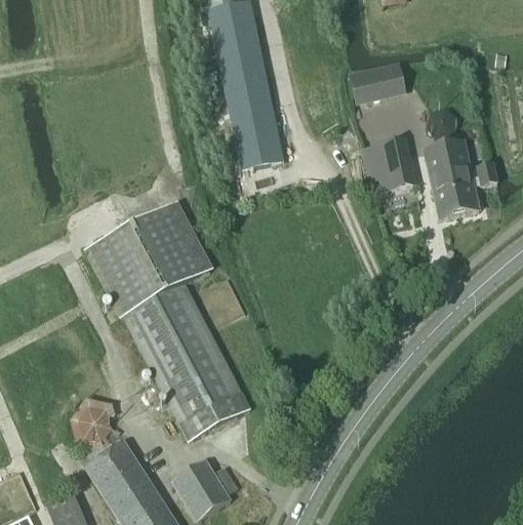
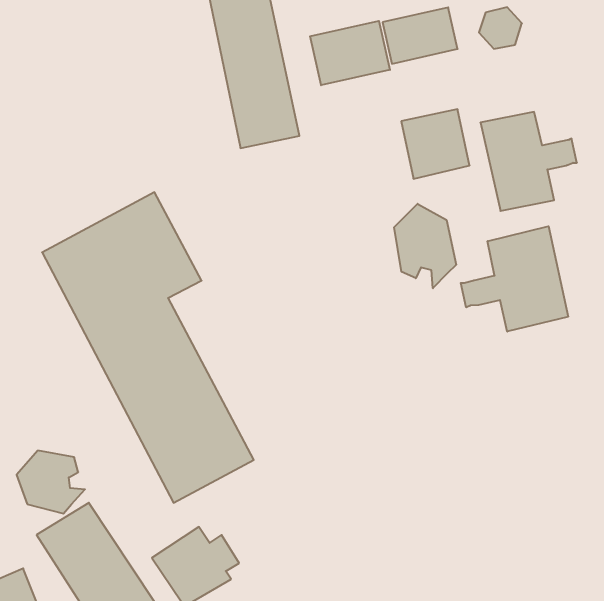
building: none -> [310,21,390,85]
building: [425,107,457,138] -> [479,7,522,49]
building: none -> [394,204,456,288]
building: none -> [461,226,568,332]

